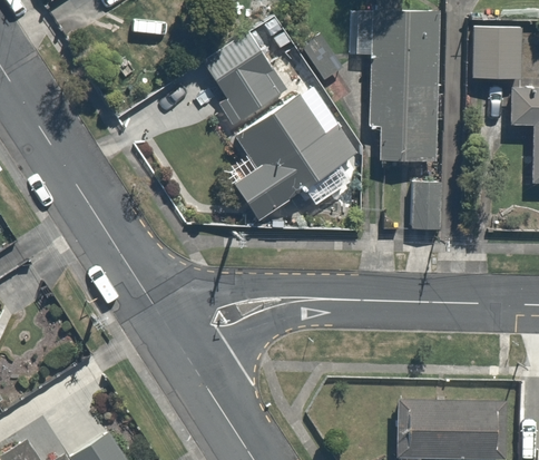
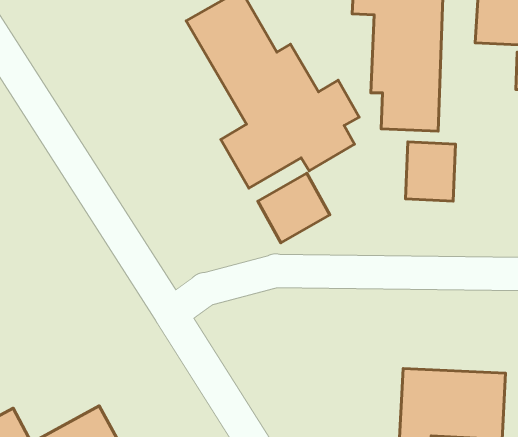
building: none -> [258,173,330,243]

